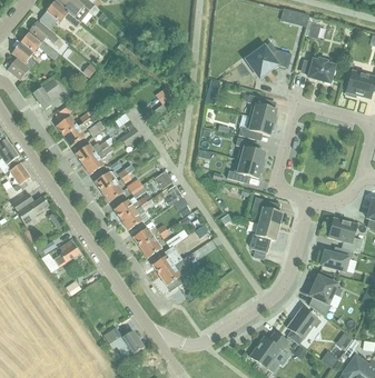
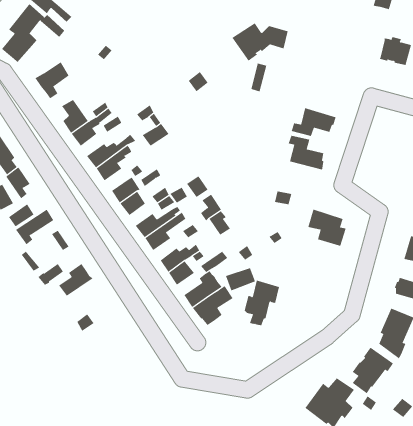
building: [246,46,292,77] -> [231,23,288,62]
building: [247,93,277,122] -> none
building: [227,158,264,181] -> none
building: [249,220,278,257] -> [244,280,280,326]
building: [103,326,144,358] -> none

